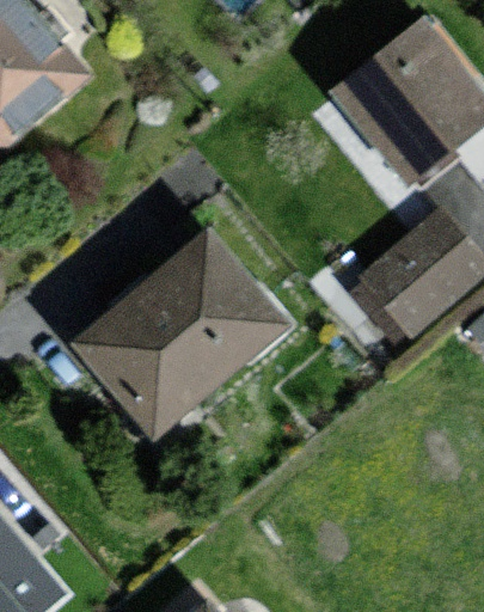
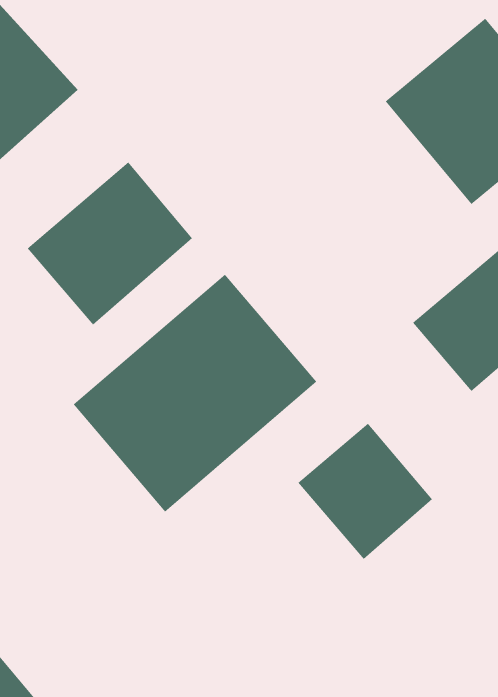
building: none -> [27,162,193,325]
building: none -> [298,423,433,560]

